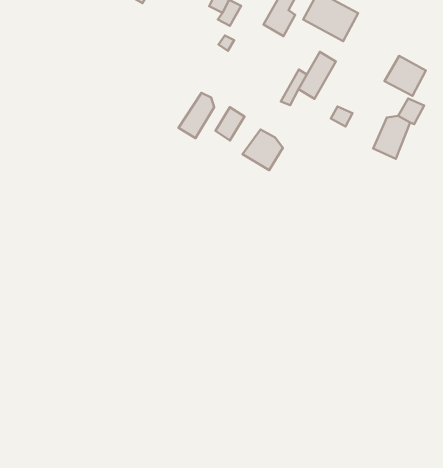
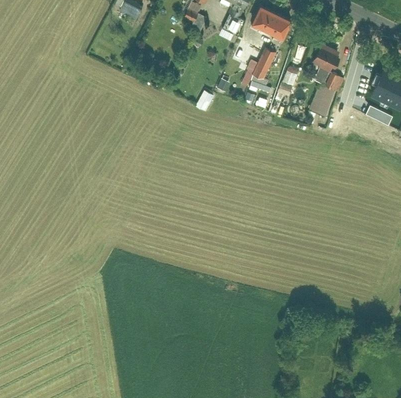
building: [178,93,214,138] -> none
building: [243,129,283,170] -> none

